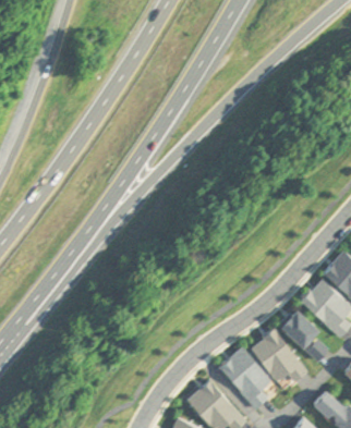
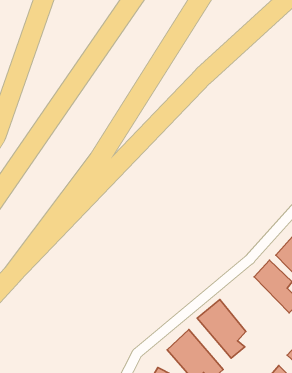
building: [251,329,305,382] -> none

